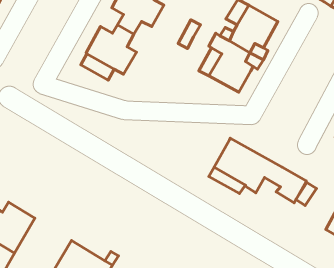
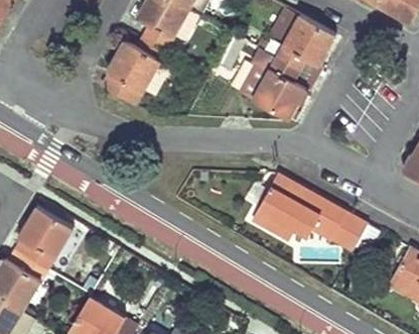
building: none -> [15,207,71,268]

